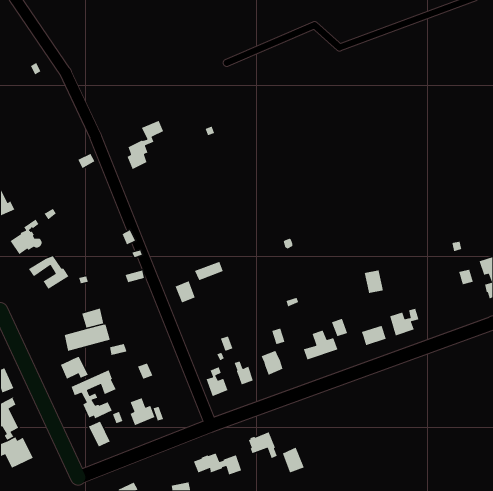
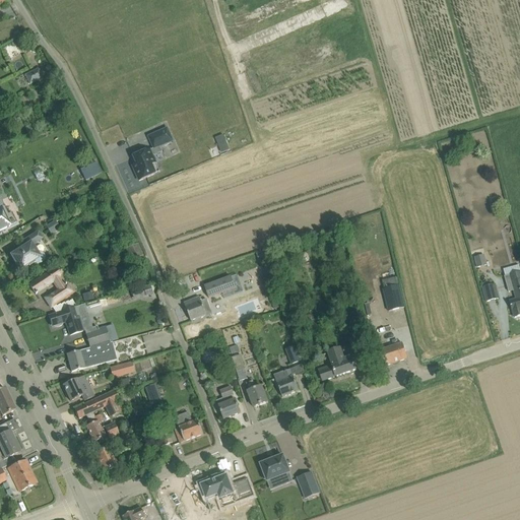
building: none -> [49,302,88,333]
building: [389,308,419,336] -> none
building: [130,397,156,426] -> [176,410,203,441]

